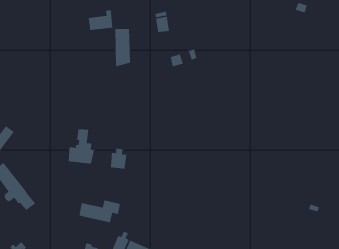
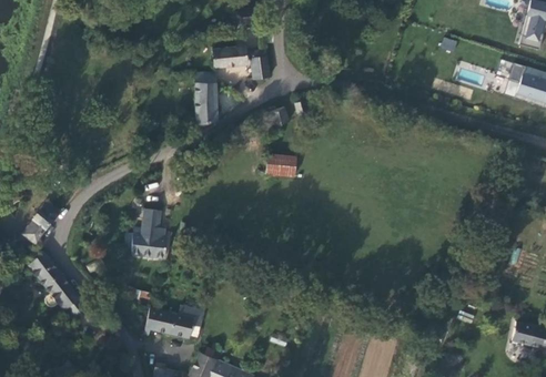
building: [88,9,113,31] -> [212,39,246,68]
building: none -> [265,153,295,176]
building: [110,148,127,169] -> none

